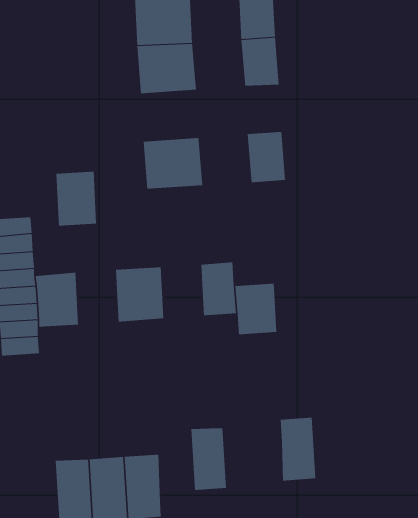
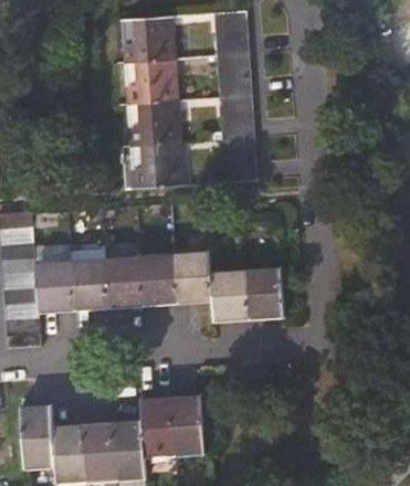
building: none -> [219,96,252,139]
building: none -> [127,101,179,146]
building: [56,171,97,226] -> [71,258,107,307]
building: none -> [146,254,182,302]
building: none -> [245,268,283,314]
building: [280,417,316,481] -> [143,399,175,455]
building: none -> [21,406,54,465]

